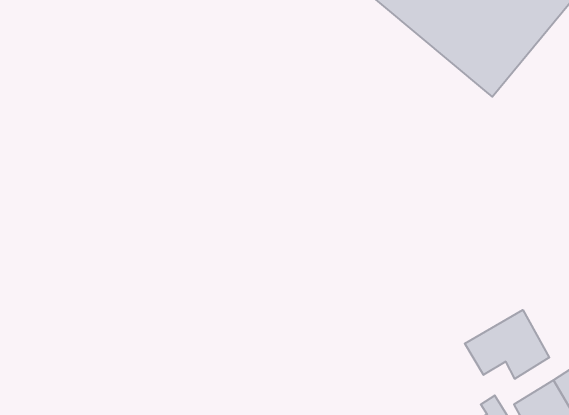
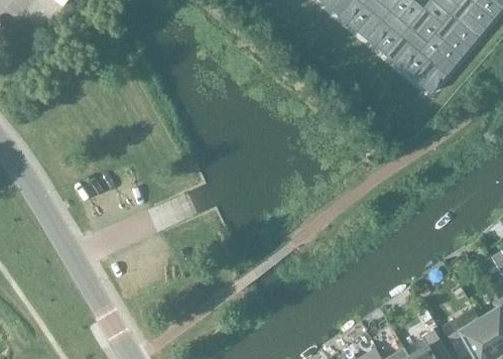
building: [465,310,549,379] -> none

